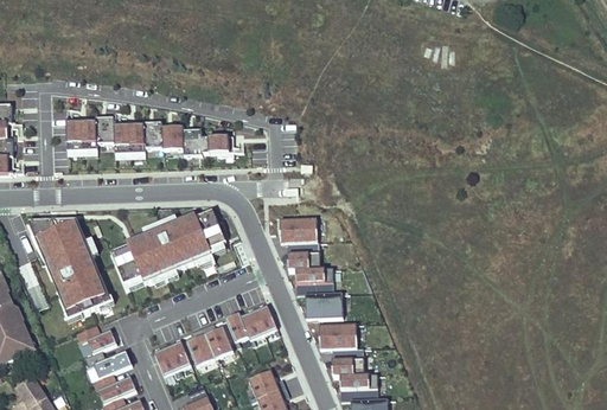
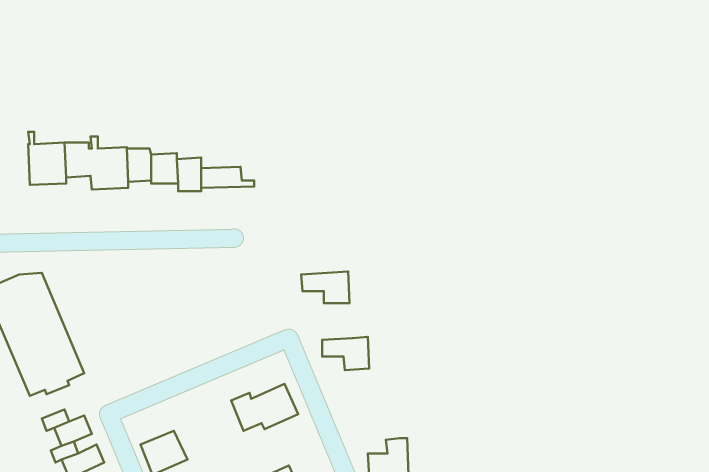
building: [113,209,225,283] -> none
building: [287,242,319,270] -> none
building: [304,293,341,319] -> none
building: [186,322,232,365] -> none
building: [319,323,356,348] -> none

